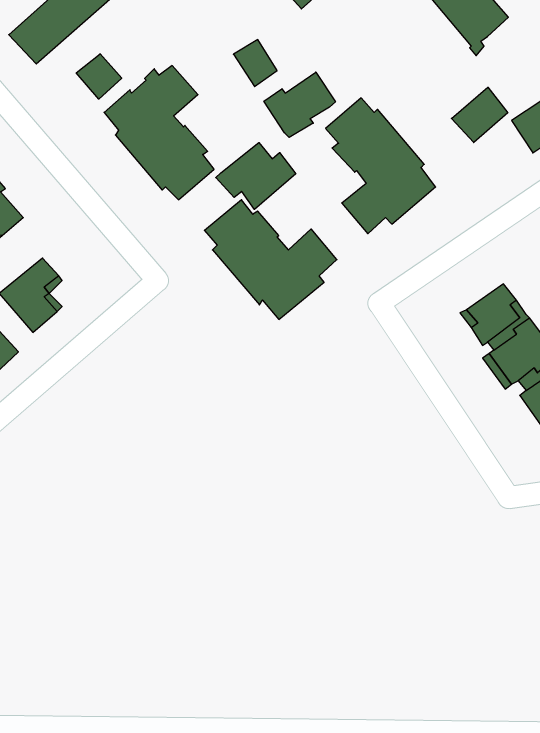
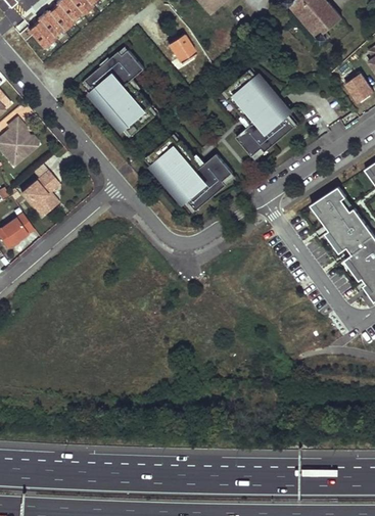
building: [76,54,122,99] -> none
building: [264,72,335,137] -> none
building: [451,87,508,143] -> none
building: [216,143,296,209] -> none

